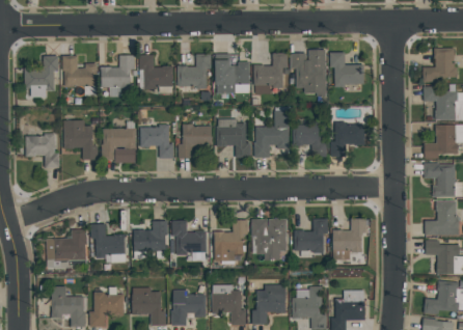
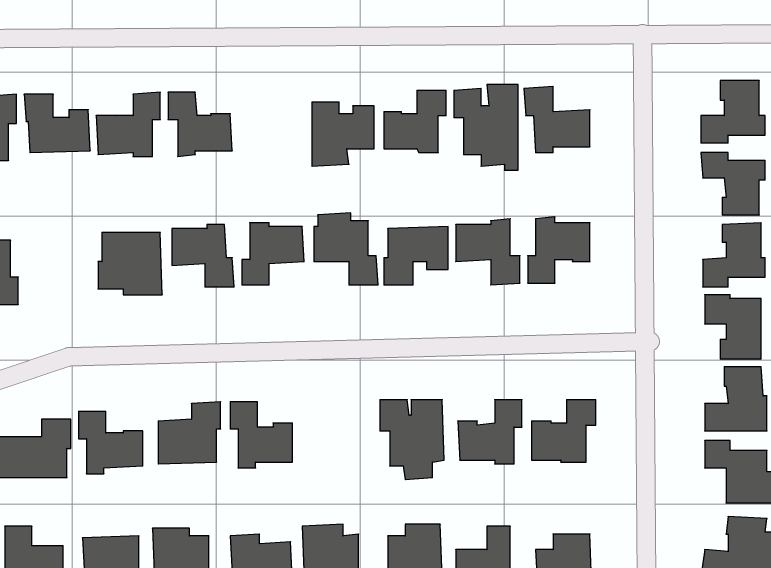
building: [179,53,212,86] -> none
building: [64,120,98,159] -> none
building: [215,219,250,260] -> none

